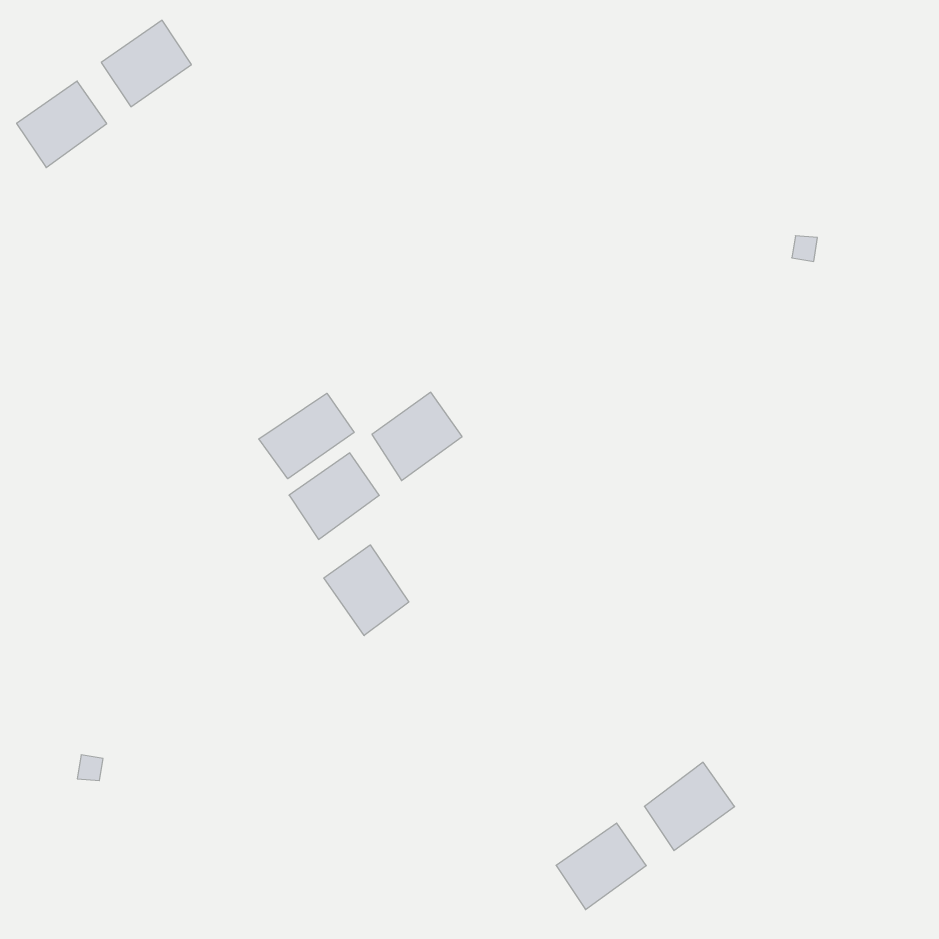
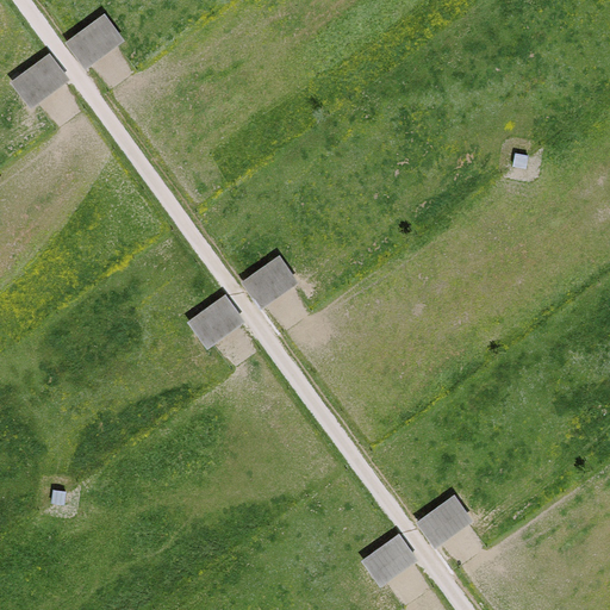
building: [259,393,354,479] -> none
building: [324,545,409,636] -> none

